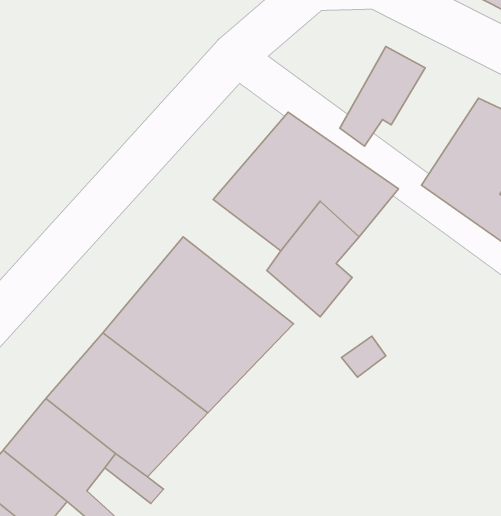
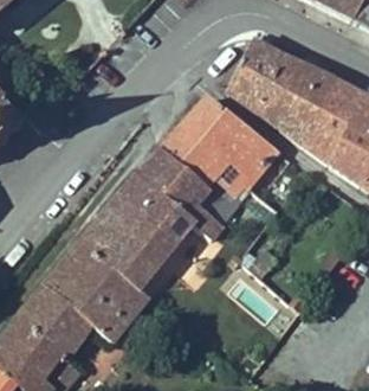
building: none -> [222,36,273,101]
building: none -> [259,60,335,139]
building: none -> [138,148,229,238]

